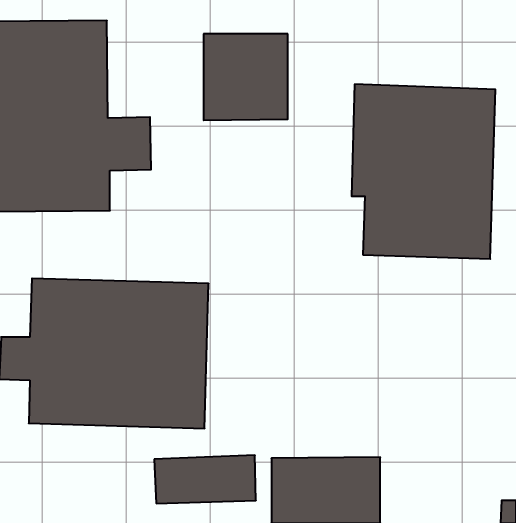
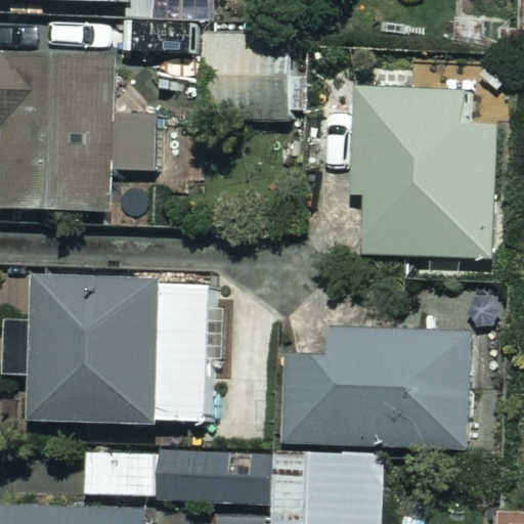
building: none -> [280,331,475,447]

